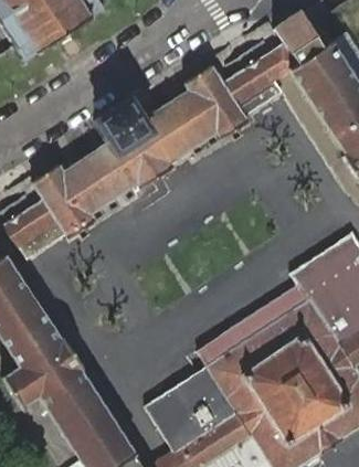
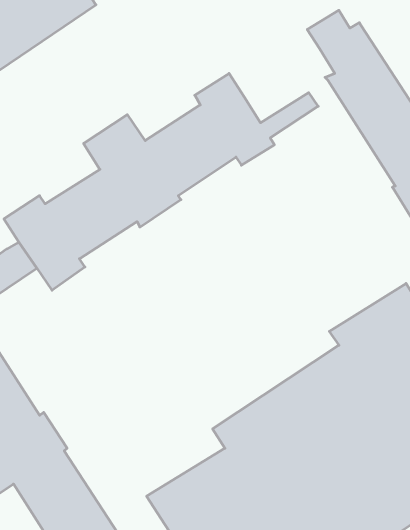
building: [223,44,296,104] -> none

